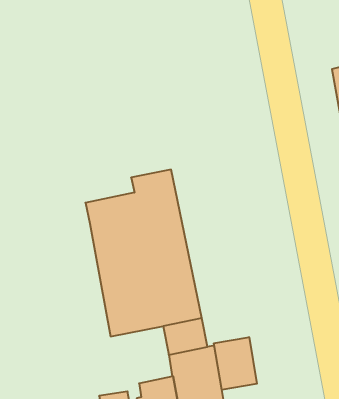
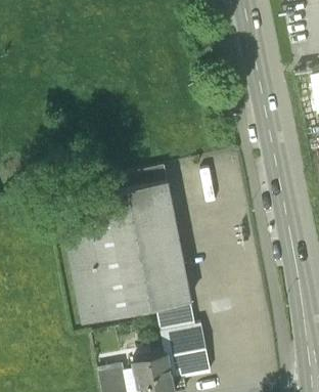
building: none -> [63,217,109,324]
building: [214,337,257,390] -> none

